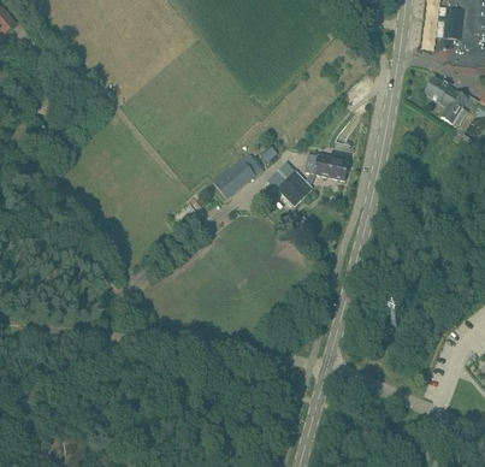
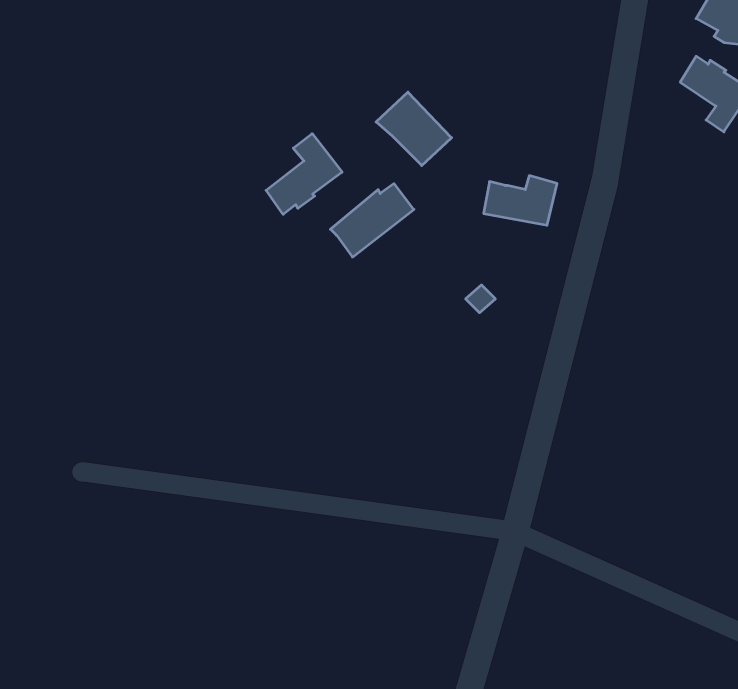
building: none -> [266,134,342,214]
building: [267,161,313,206] -> [376,92,452,166]

